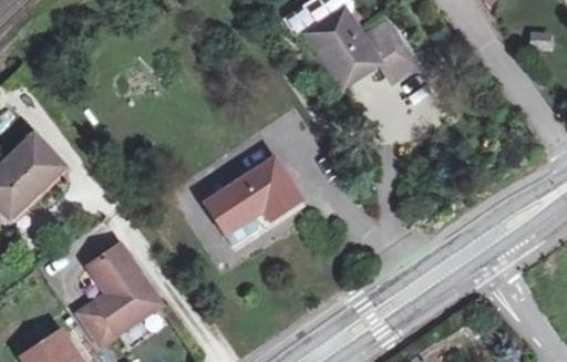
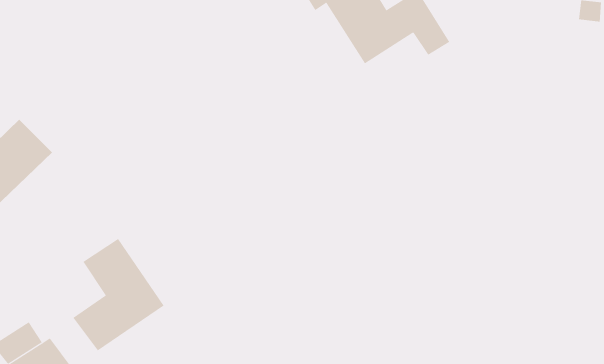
building: [204,158,300,246] -> none

